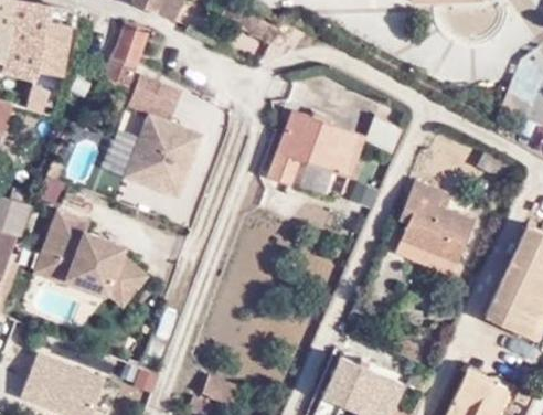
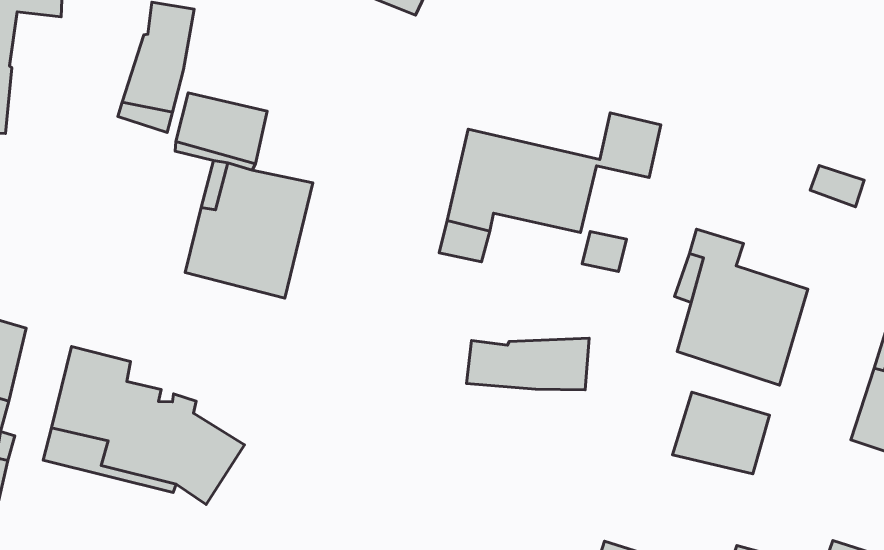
building: [36,20,72,76] -> none
building: none -> [467,338,589,390]
building: none -> [673,392,770,474]

